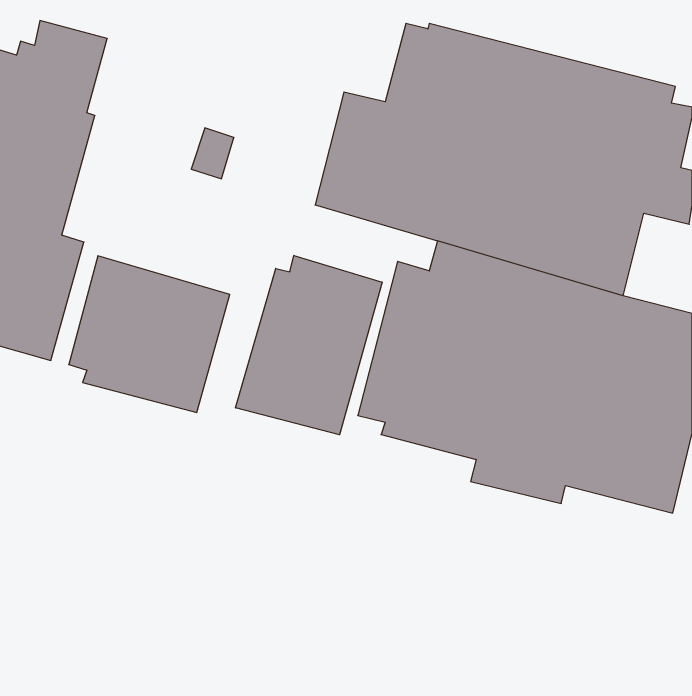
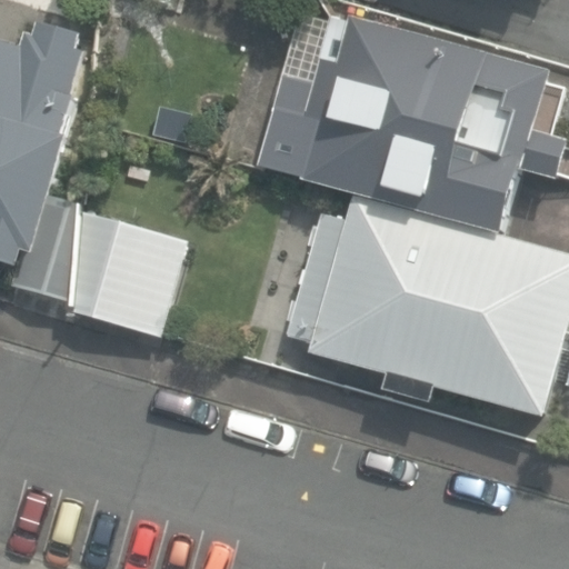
building: [236,255,382,435] -> none

